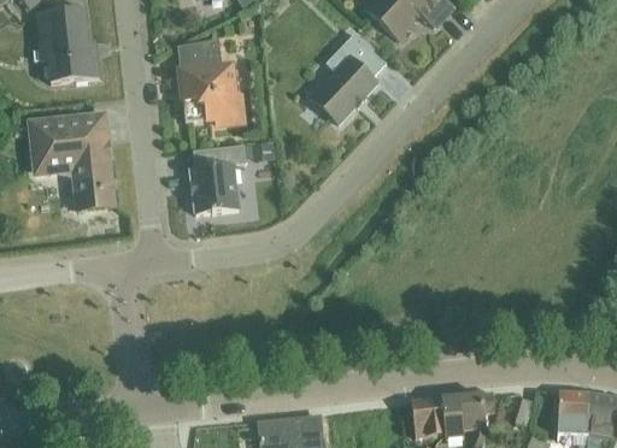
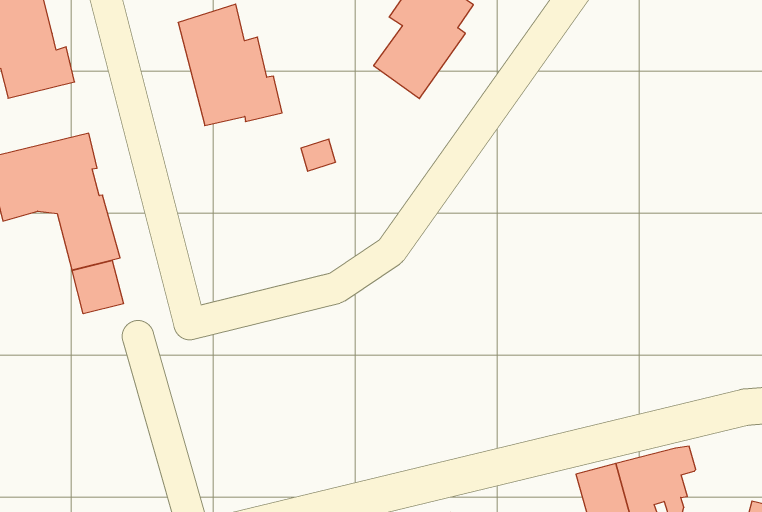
building: [190,145,246,213] -> none
building: none -> [72,260,123,314]

